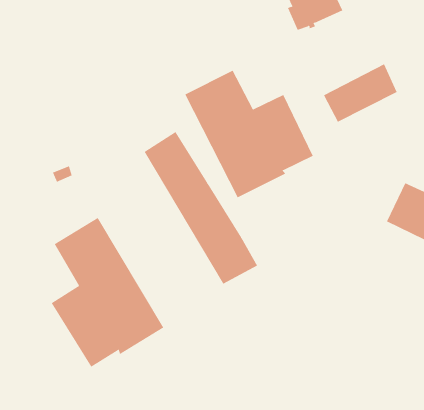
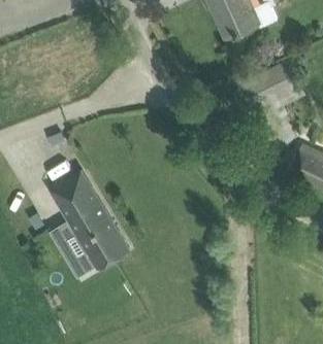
building: [184,70,314,198] -> none
building: [144,131,258,284] -> none

